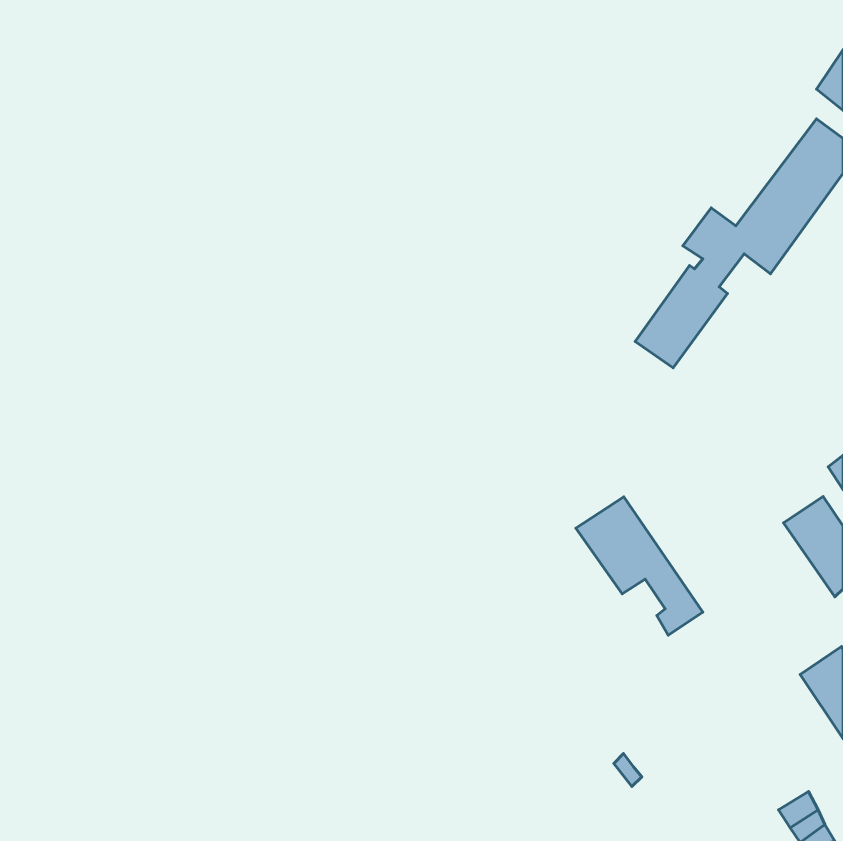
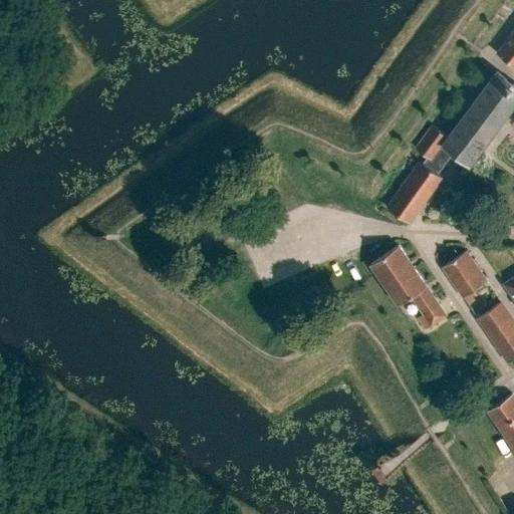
building: none -> [442,252,487,298]
building: [576,497,703,635] -> [369,247,447,331]

